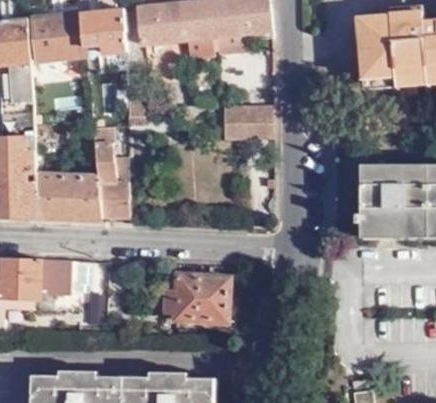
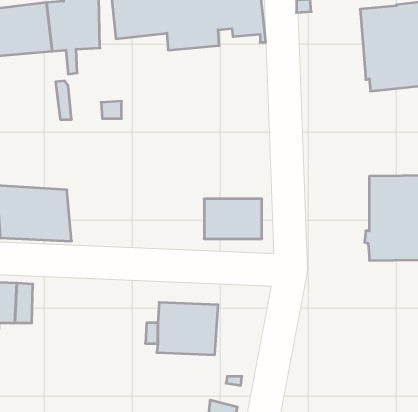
building: [222,103,273,138] -> [204,199,262,239]
building: [92,127,131,223] -> none

